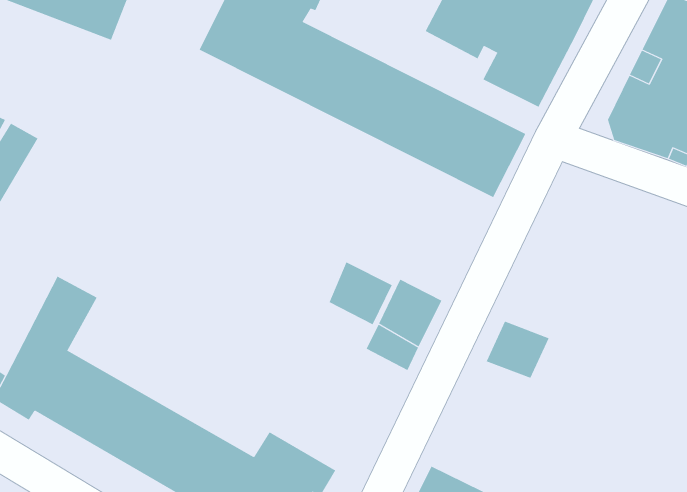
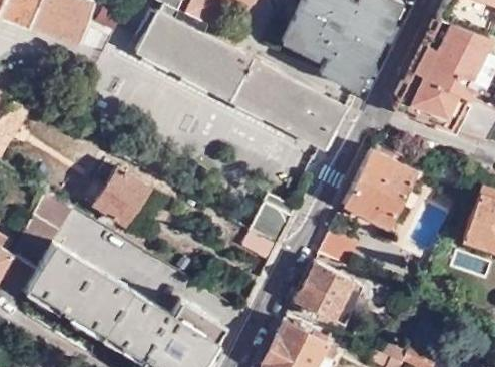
building: none -> [344,149,415,226]
building: none -> [79,169,147,229]
building: [329,262,392,325] -> none
building: none -> [295,261,367,323]

